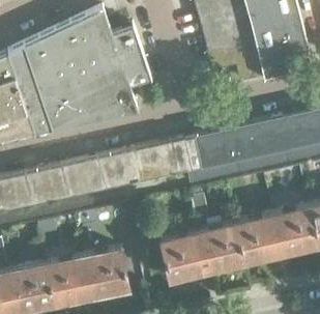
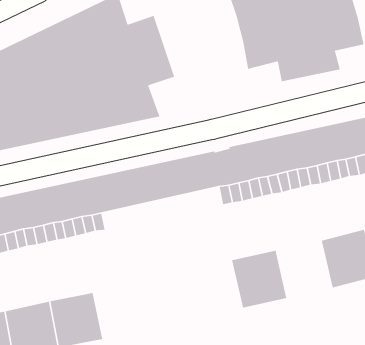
building: [235,215,282,263] -> none
building: [161,231,207,281] -> none
building: [83,251,129,297] -> none

